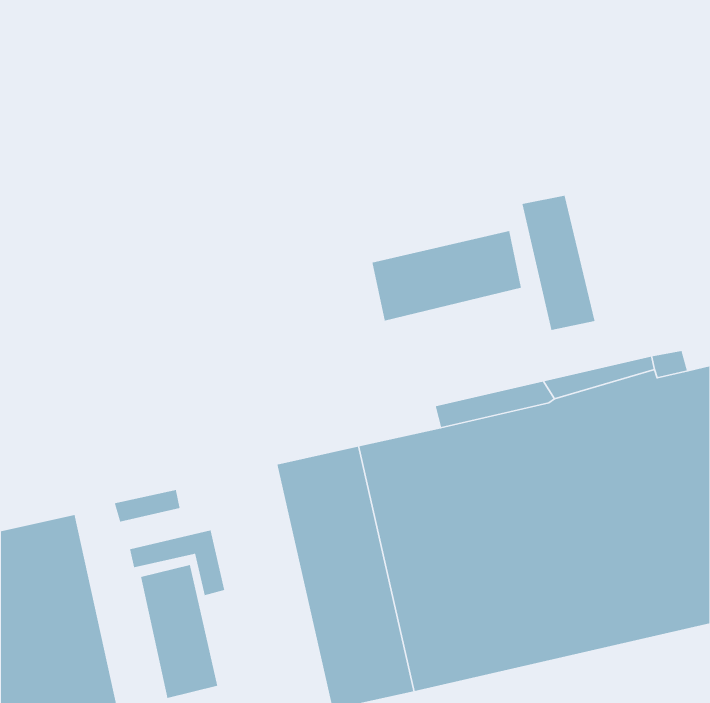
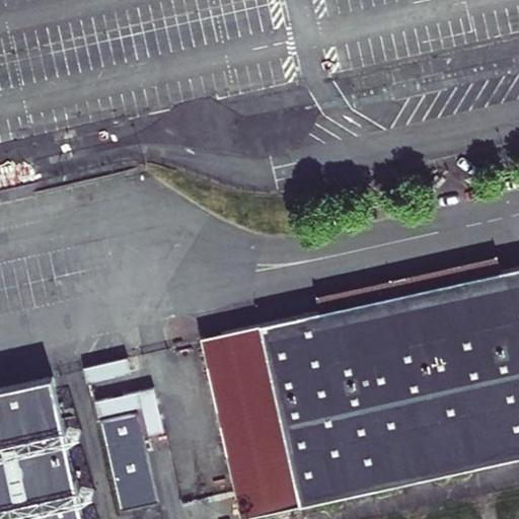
building: [521,195,596,331] -> none
building: [371,230,522,321] -> none

